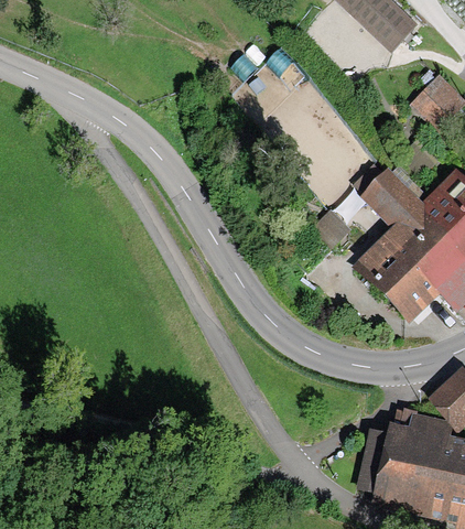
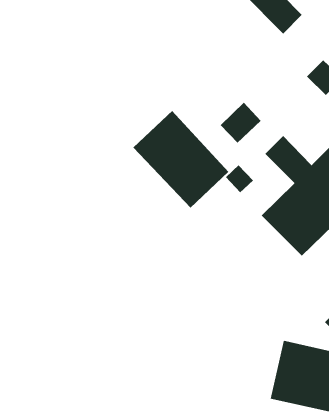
building: none -> [220,102,261,143]
building: none -> [133,110,229,209]

